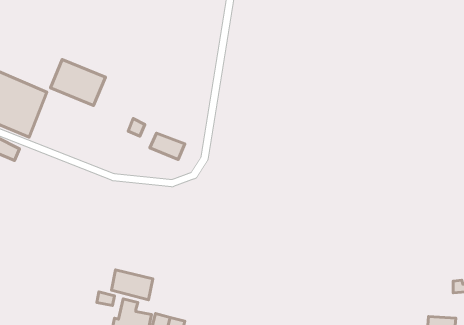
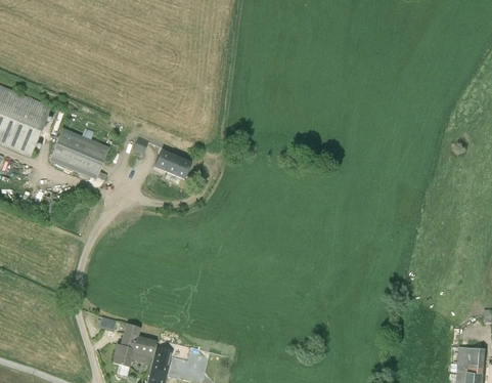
building: [51,59,105,106] -> [52,131,109,179]
building: [112,270,153,300] -> none

